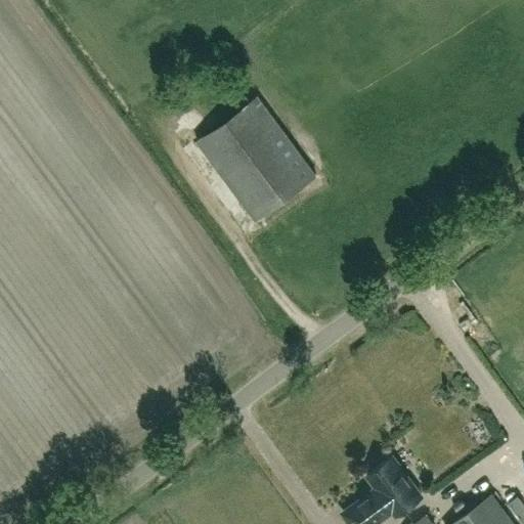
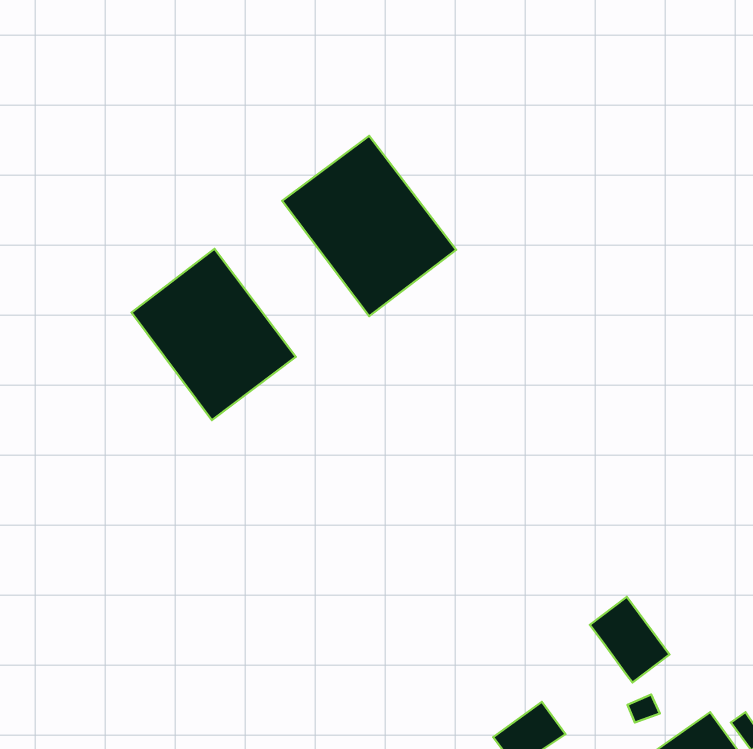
building: none -> [132,249,296,420]
building: [367,458,423,518] -> [590,597,669,682]

